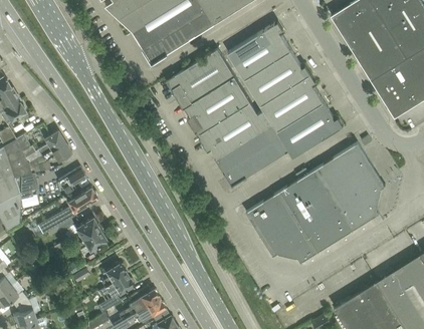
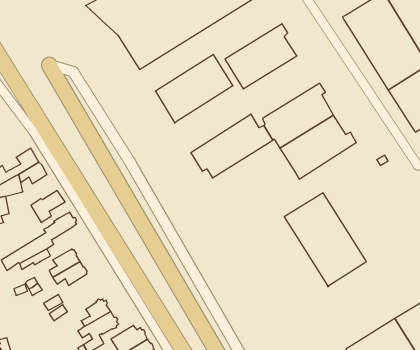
building: [244,50,311,105] -> none
building: [186,76,251,135] -> none
building: [215,123,289,190] -> none
building: [314,143,386,232] -> none
building: [247,192,319,264] -> none

